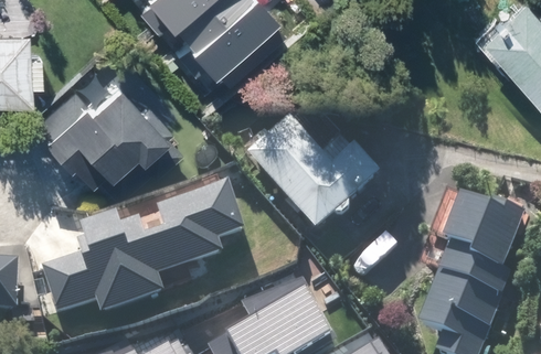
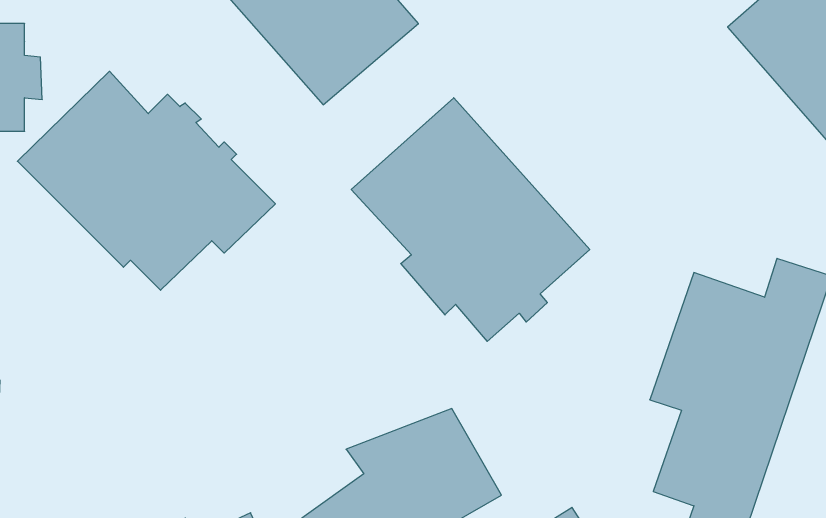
building: [42,185,241,319] -> none

